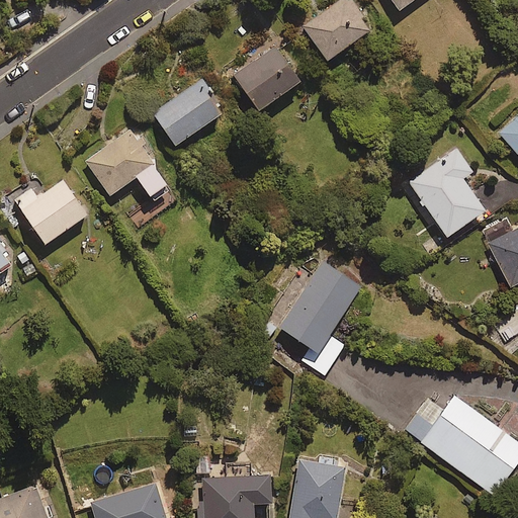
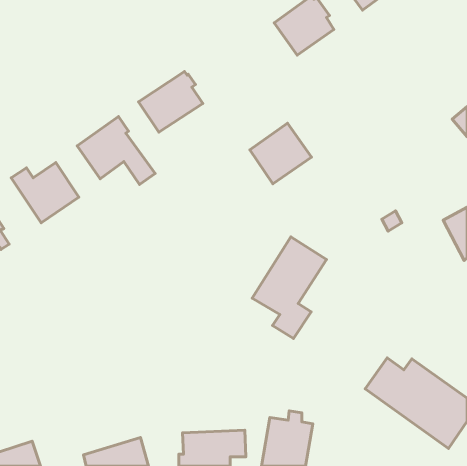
building: [234,46,301,112] -> [250,123,311,184]
building: [408,147,485,238] -> none

